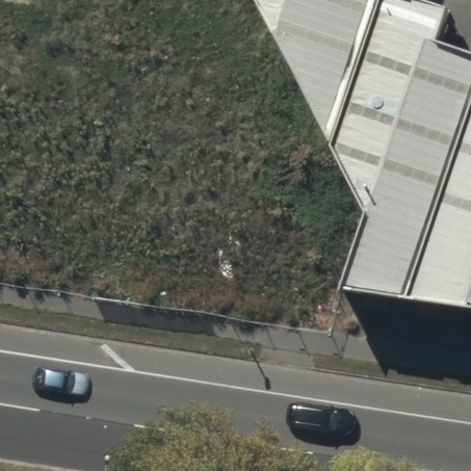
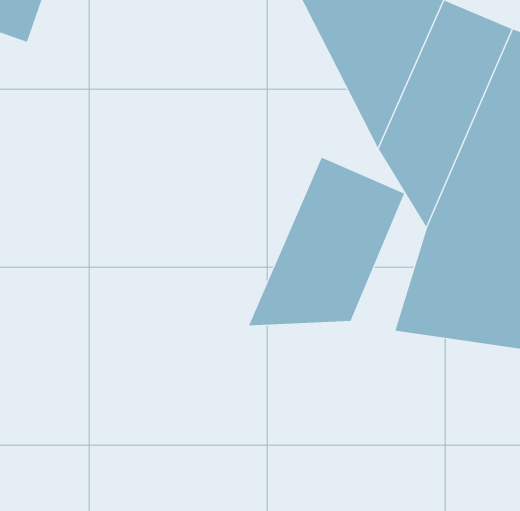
building: none -> [248,157,405,326]

